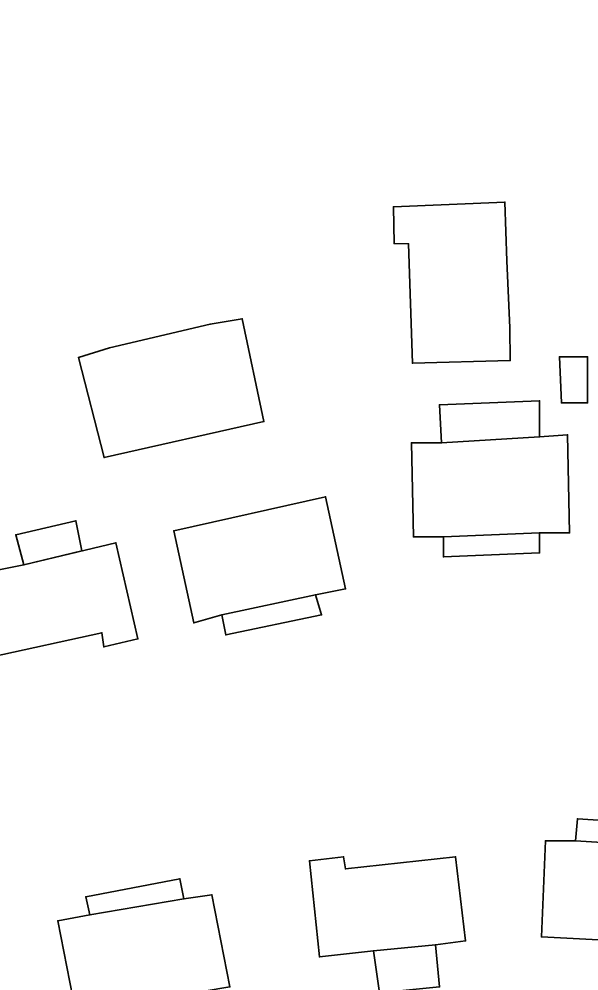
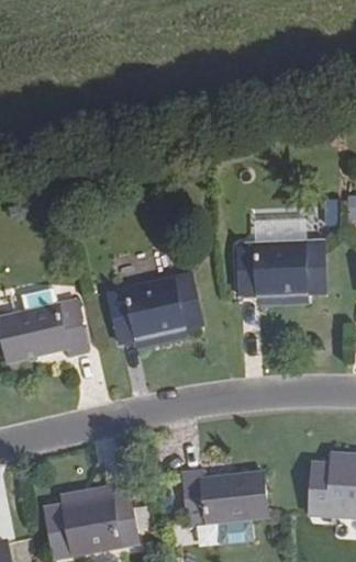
building: [393,202,510,363] -> none
building: [78,319,264,457] -> none

